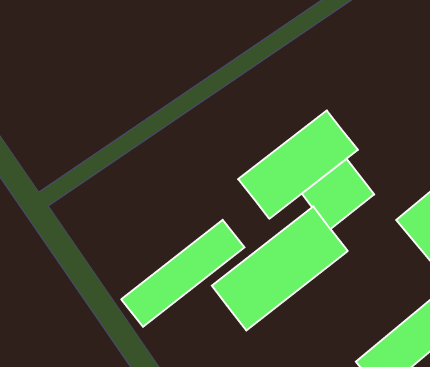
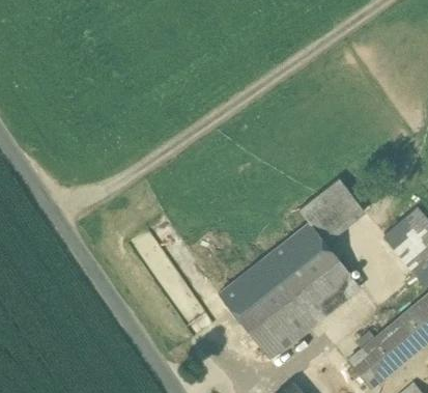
building: [238,110,358,219] -> none
building: [121,220,245,327] -> [249,262,360,359]

